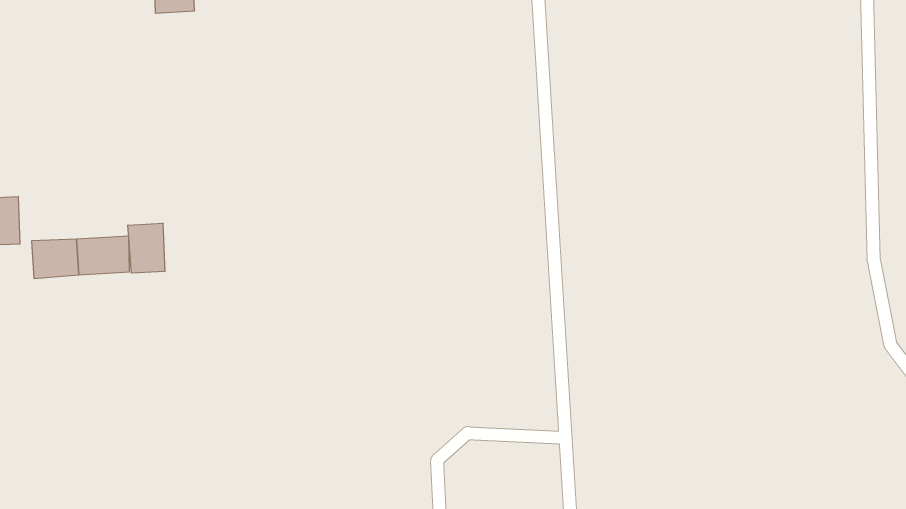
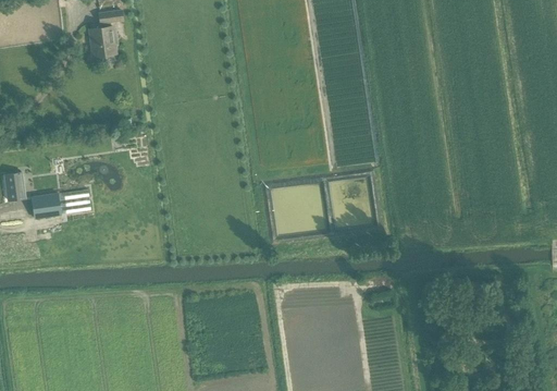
building: [128,223,165,273] -> none

